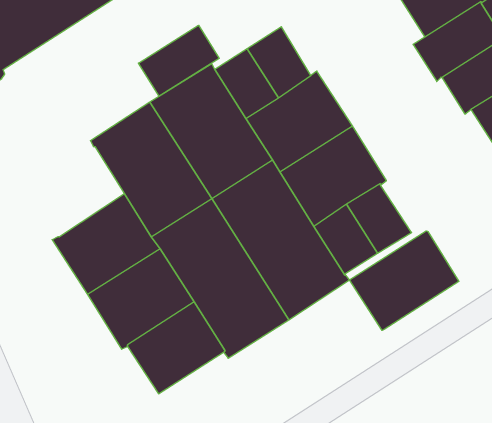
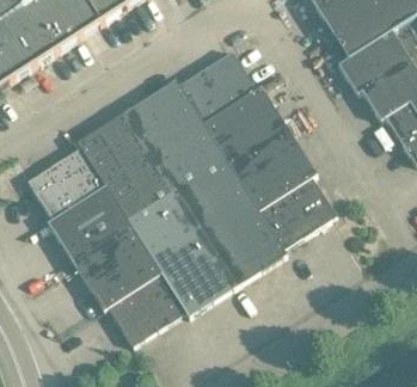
building: [138,25,219,96] -> none
building: none -> [27,146,105,219]
building: [349,231,459,330] -> none

